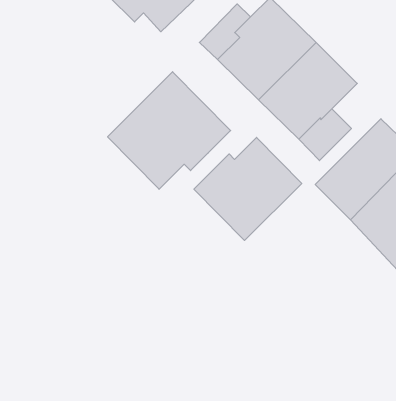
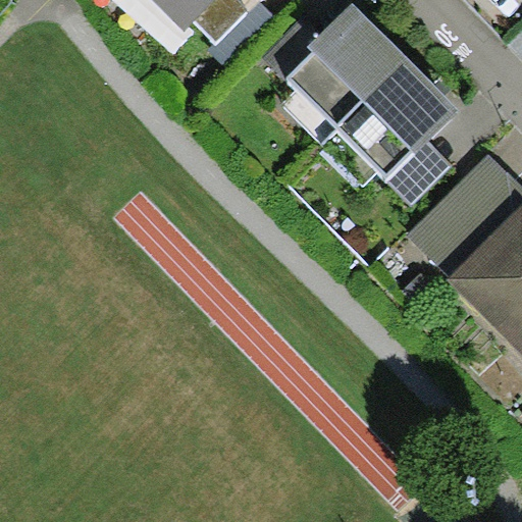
building: [108,72,231,189] -> none
building: [194,137,302,240] -> none

